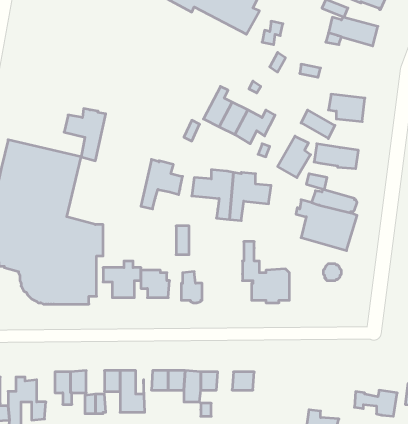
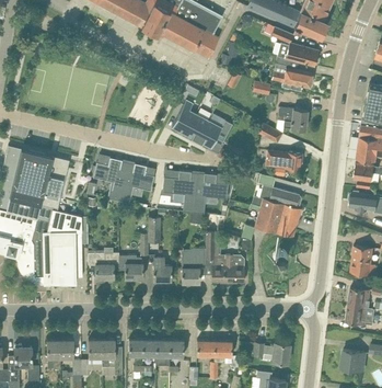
building: none -> [271,68,312,92]
building: [64,109,106,161] -> [93,158,128,202]
building: [278,136,311,178] -> none
building: none -> [182,248,205,283]
building: none -> [213,341,232,378]
building: [354,390,397,416] -> [254,342,290,364]

